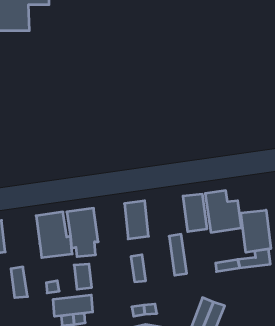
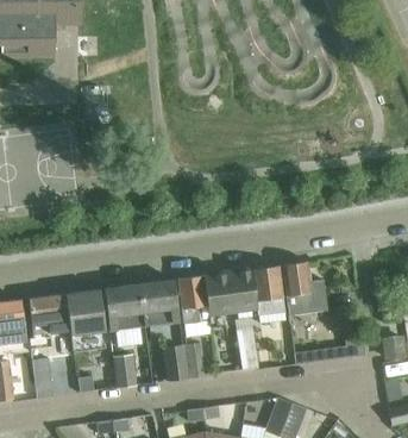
building: none -> [203,268,258,319]
building: none -> [138,279,178,326]
building: [241,210,271,252] -> none
building: none -> [29,293,69,333]
building: none -> [163,344,188,381]
building: [53,295,93,316] -> none

